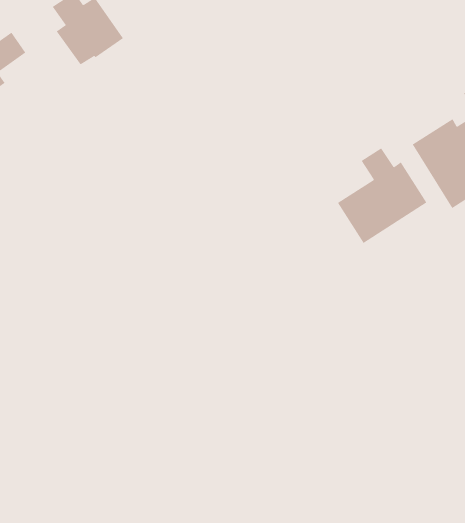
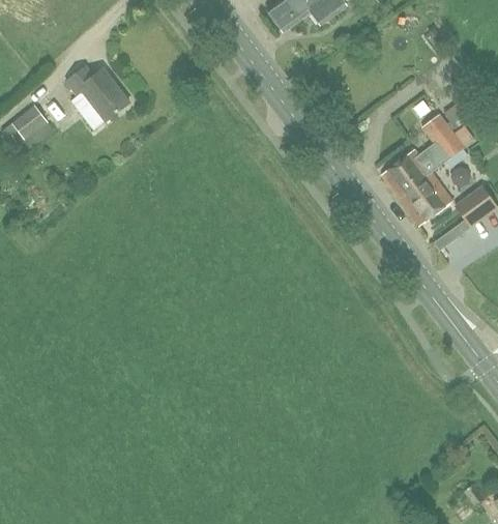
building: [337,147,427,244] -> none

